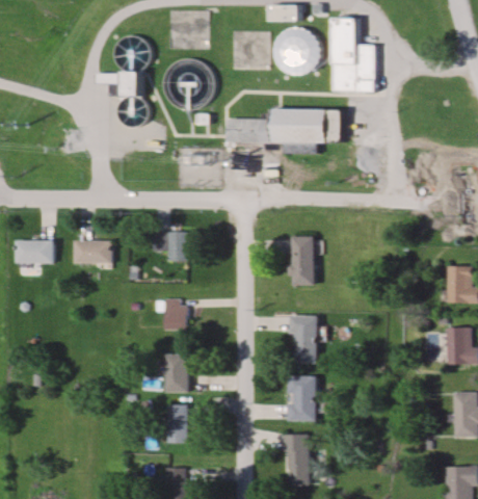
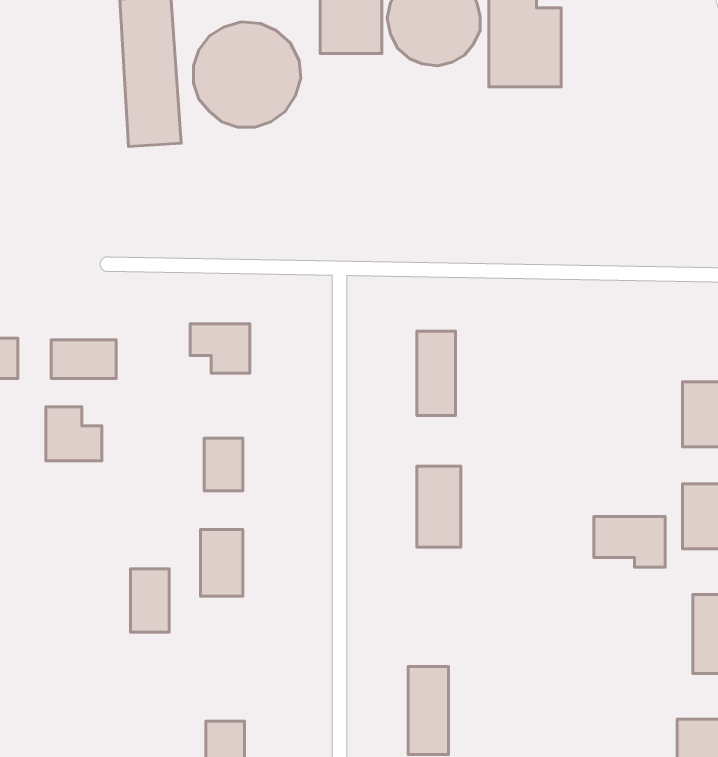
building: [225,109,341,145] -> none
building: none -> [46,407,102,461]
building: none -> [594,517,665,567]
building: [287,376,316,421] -> none
building: [164,405,187,443] -> [131,569,169,632]

